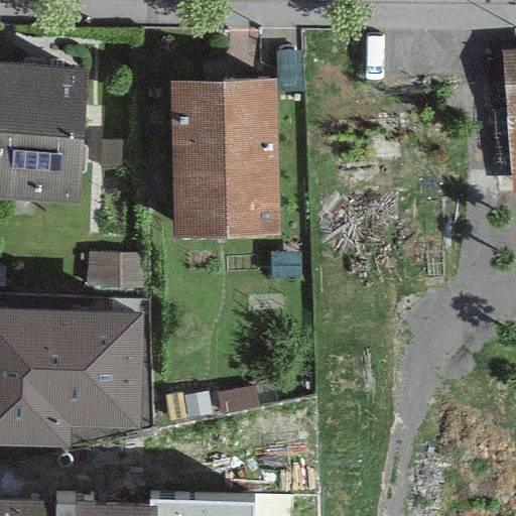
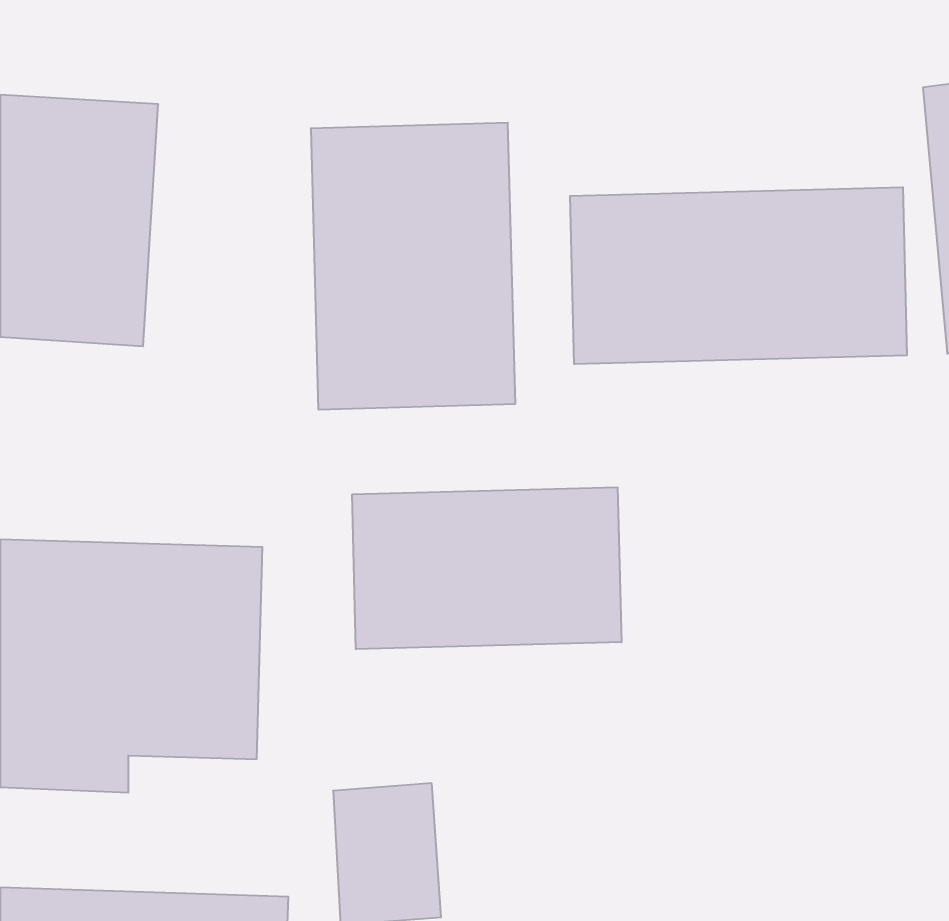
building: none -> [570,187,907,364]
building: none -> [352,487,621,649]

